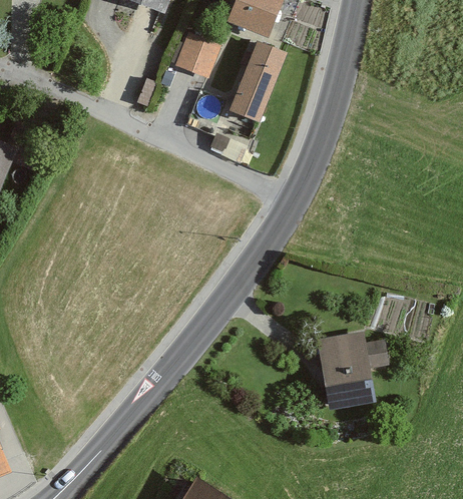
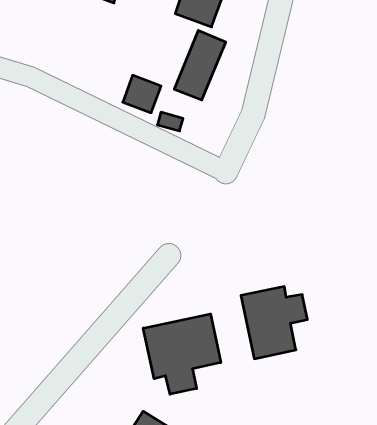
building: [175,35,218,77] -> [123,75,161,113]
building: none -> [143,314,221,394]

